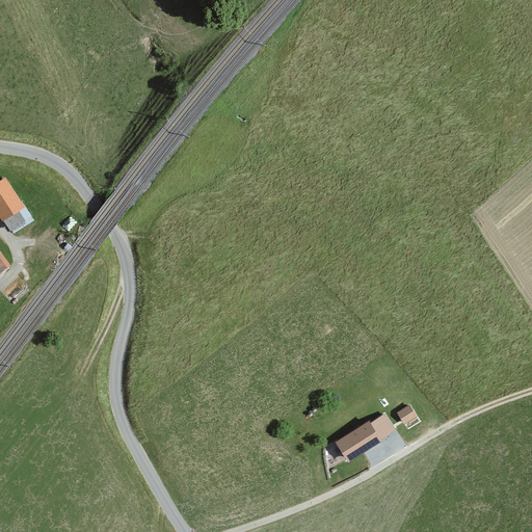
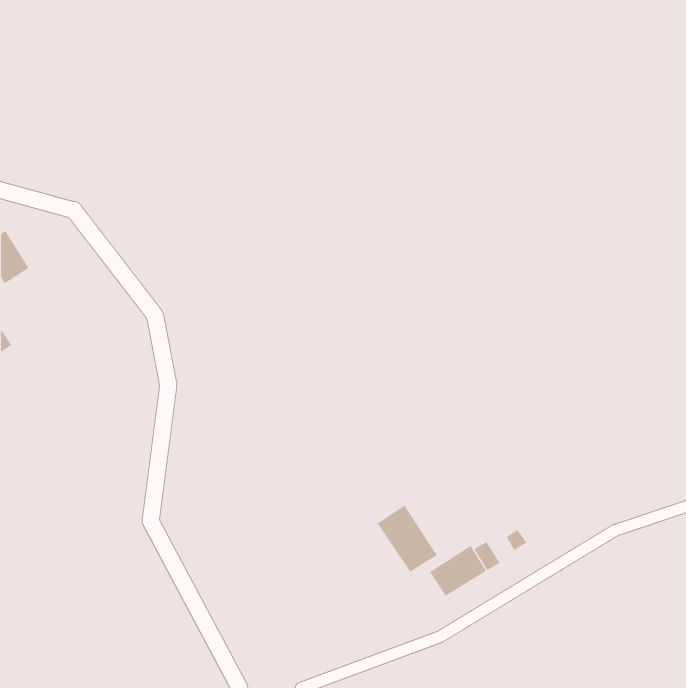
building: none -> [377,505,437,573]

